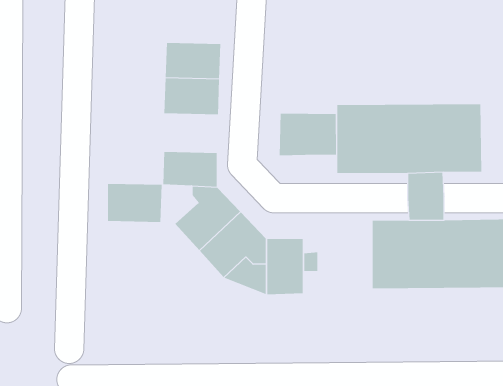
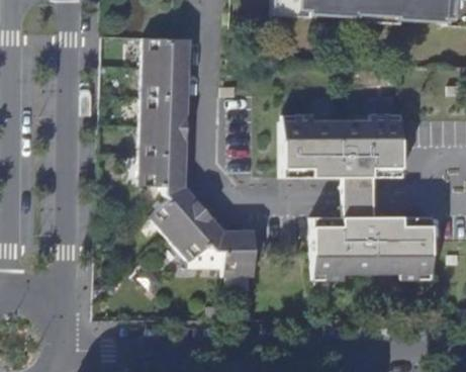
building: none -> [144,40,190,72]
building: [279,113,336,156] -> none
building: [107,183,162,223] -> [142,129,187,162]

